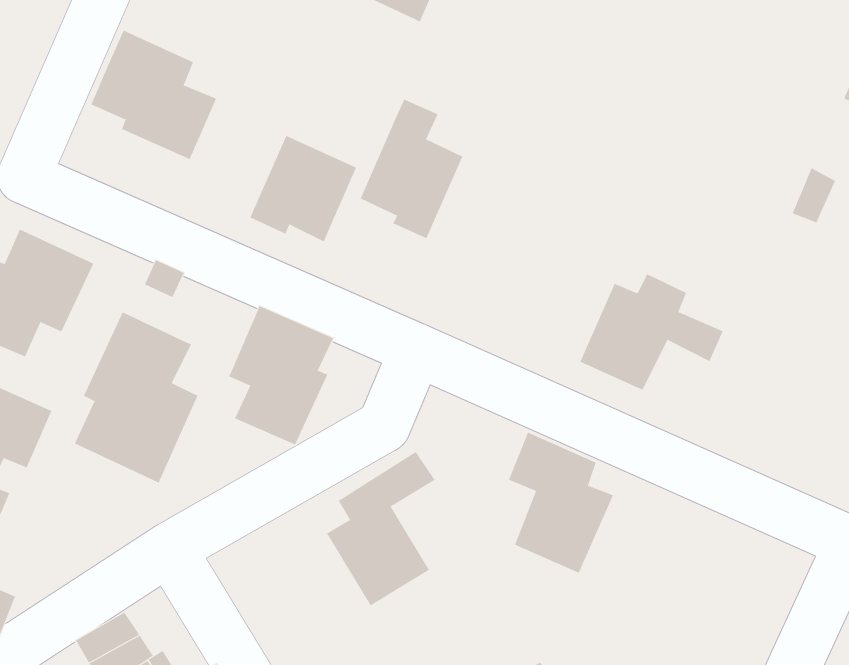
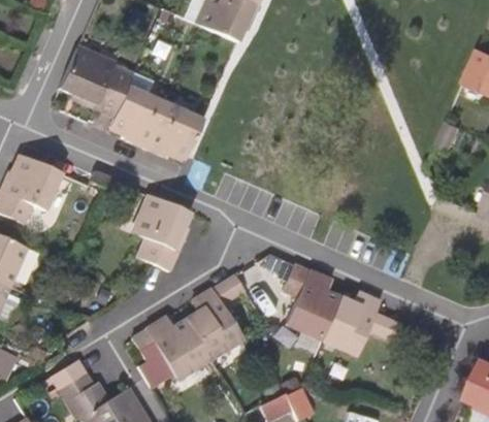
building: [360,99,463,239] -> [108,72,164,148]
building: [580,274,723,390] -> [322,292,399,355]
building: [74,311,198,483] -> none
building: none -> [132,316,209,378]

